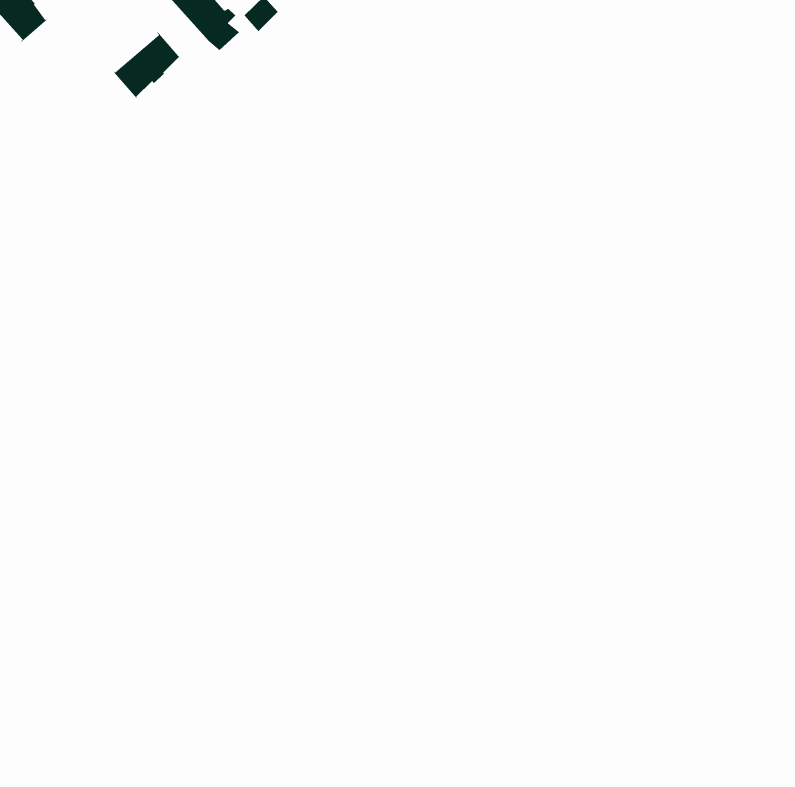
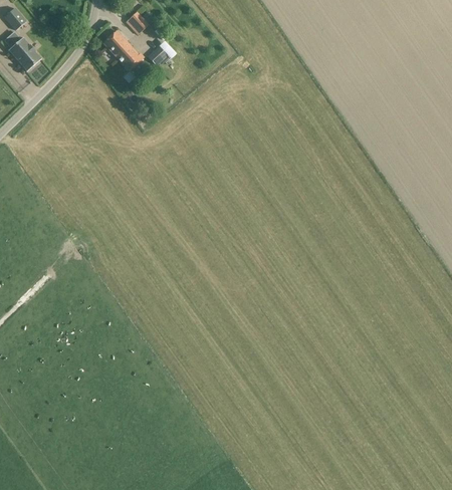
building: [113,31,181,99] -> none

